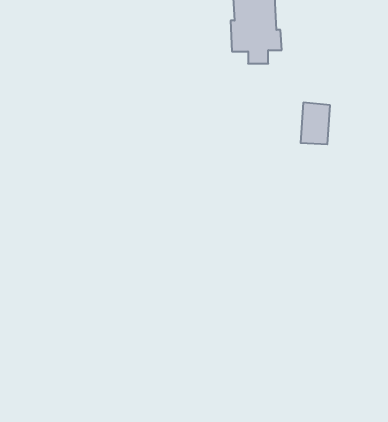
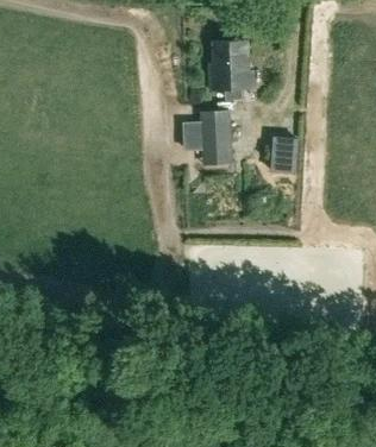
building: none -> [201,118,231,162]

